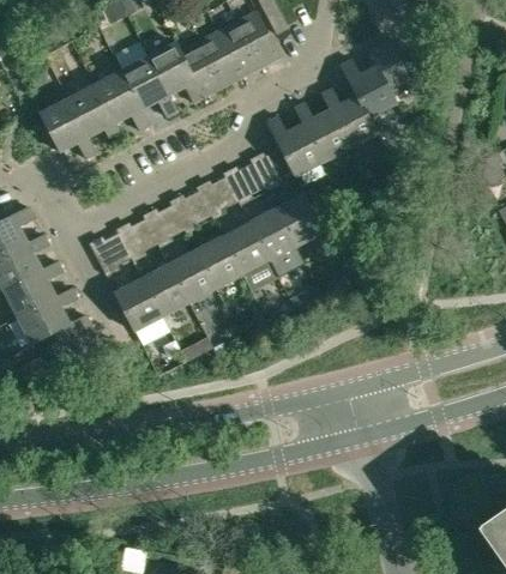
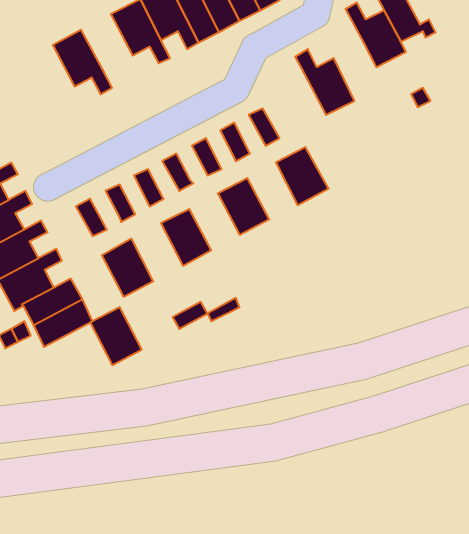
building: [95,70,151,129] -> none
building: [321,89,378,150] -> none
building: [40,98,97,158] -> none
building: [267,116,323,177] -> none
building: [249,207,296,260] -> none
building: [195,236,242,289] -> none
building: [141,264,189,318] -> [90,307,142,365]

